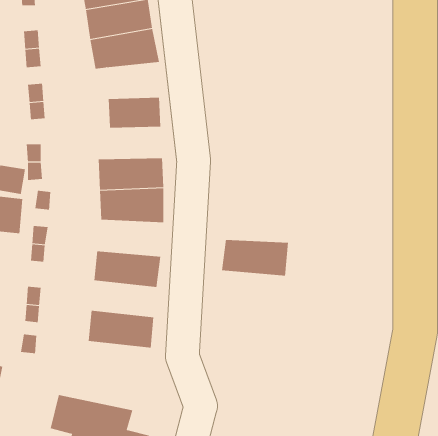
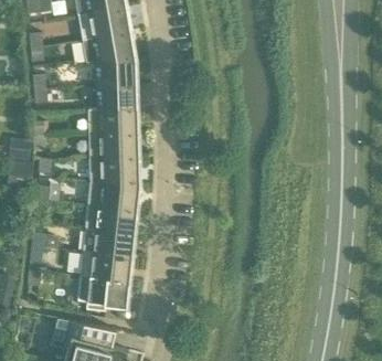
building: none -> [95,56,137,85]
building: none -> [87,107,139,132]
building: [221,240,289,276] -> [87,180,140,209]
building: none -> [83,227,135,256]
building: none -> [77,275,130,310]

